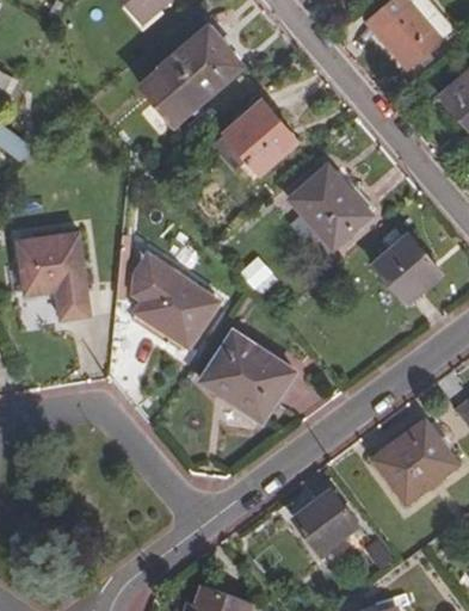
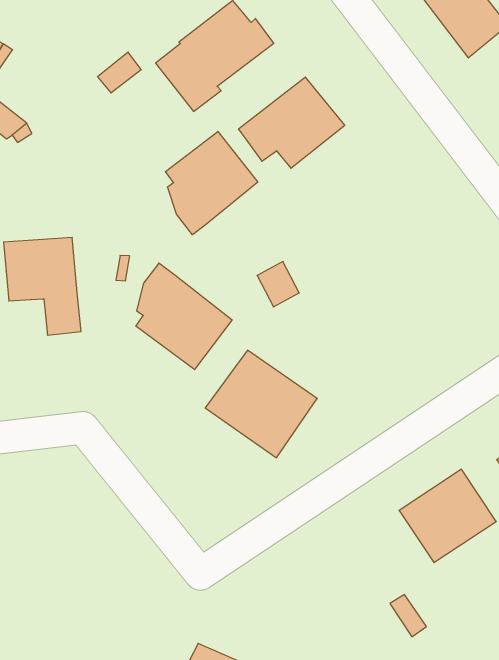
building: none -> [165,131,258,235]
building: [290,159,371,242] -> none
building: [370,235,439,304] -> none
building: [290,490,354,555] -> none

